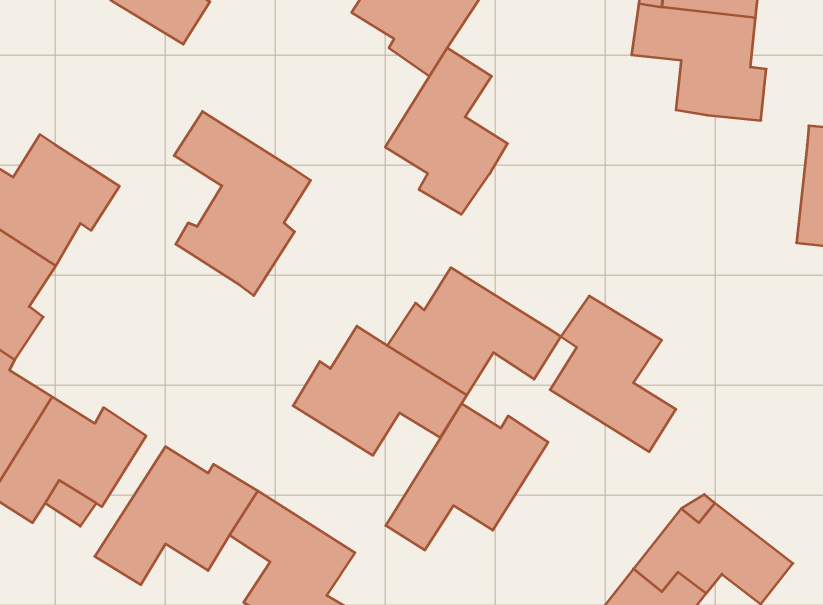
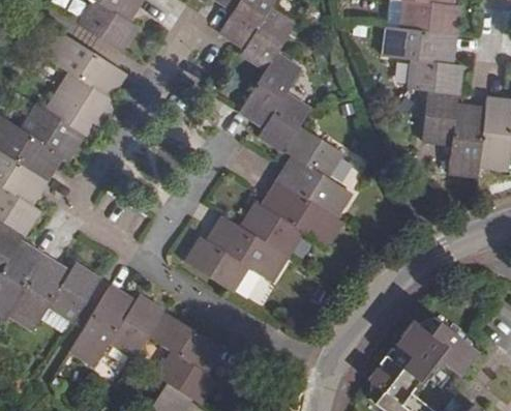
building: [174,111,311,296] -> [46,32,125,140]
building: none -> [422,92,485,177]
building: [550,296,676,452] -> [277,126,351,217]
building: [386,403,548,550] -> none

